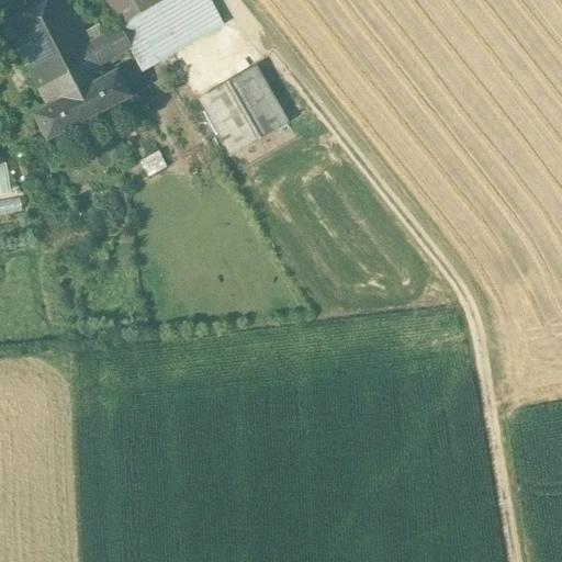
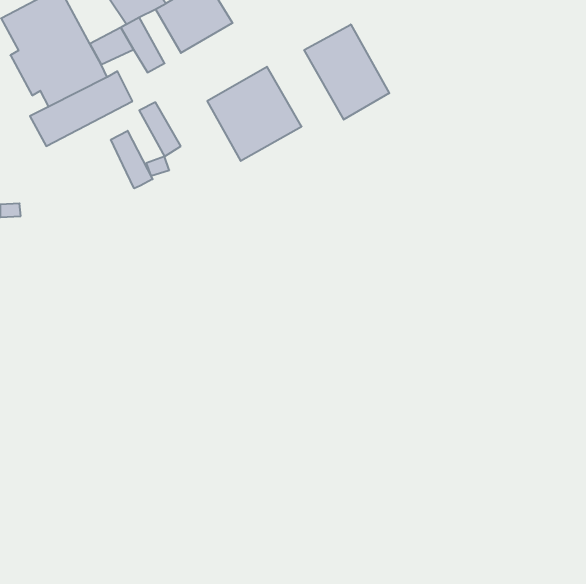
building: [135,9,175,60] -> [139,102,181,156]
building: none -> [304,24,389,120]
building: none -> [111,131,153,188]

